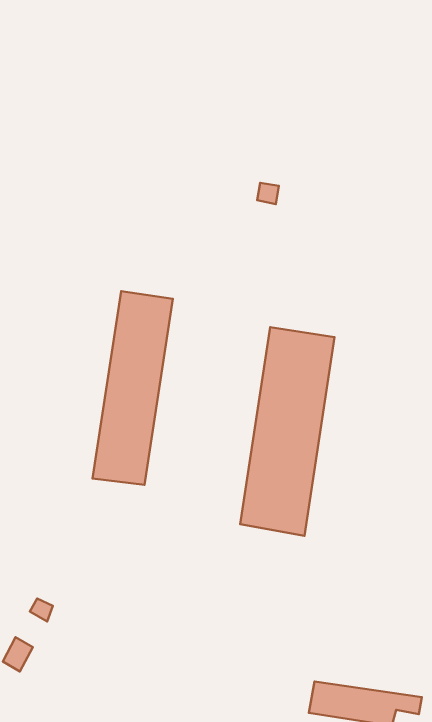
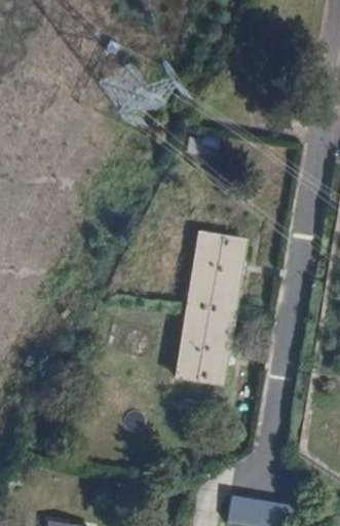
building: [92,291,173,485] -> none

